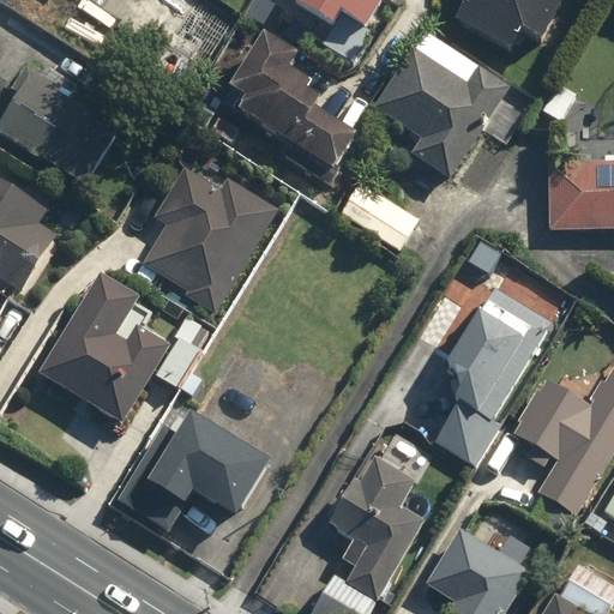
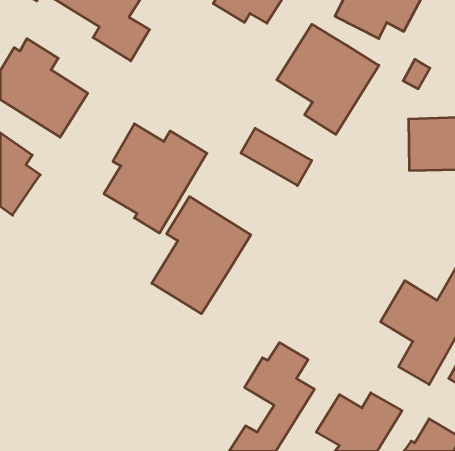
building: [224,28,354,173] -> none
building: none -> [152,197,251,314]
building: [41,271,170,421] -> none
building: [435,287,554,463] -> none
building: [118,404,257,520] -> none

